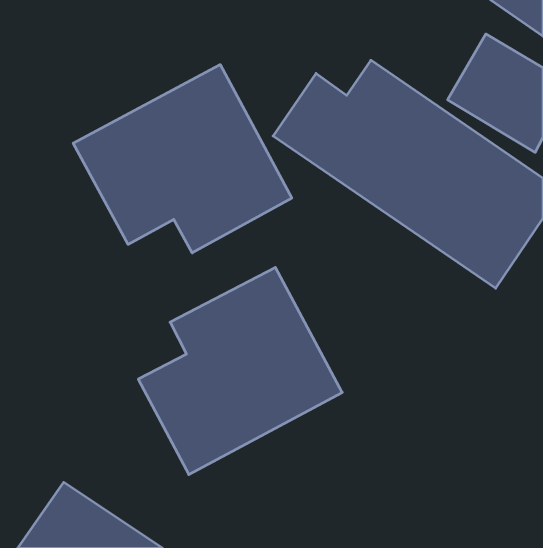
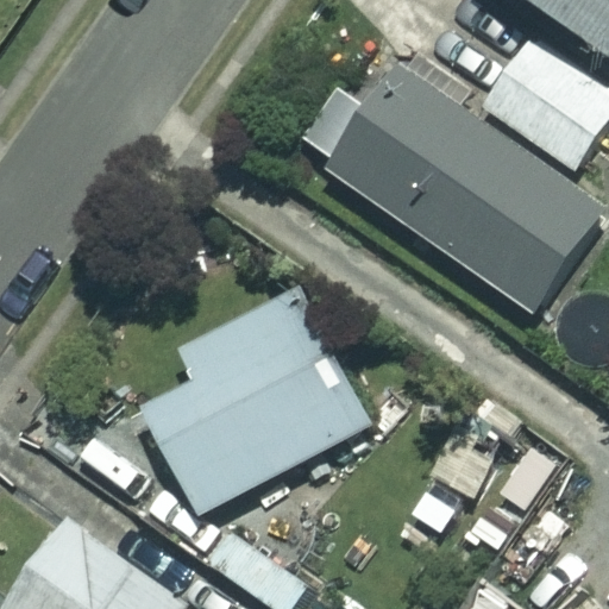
building: [73,65,292,253] -> none

